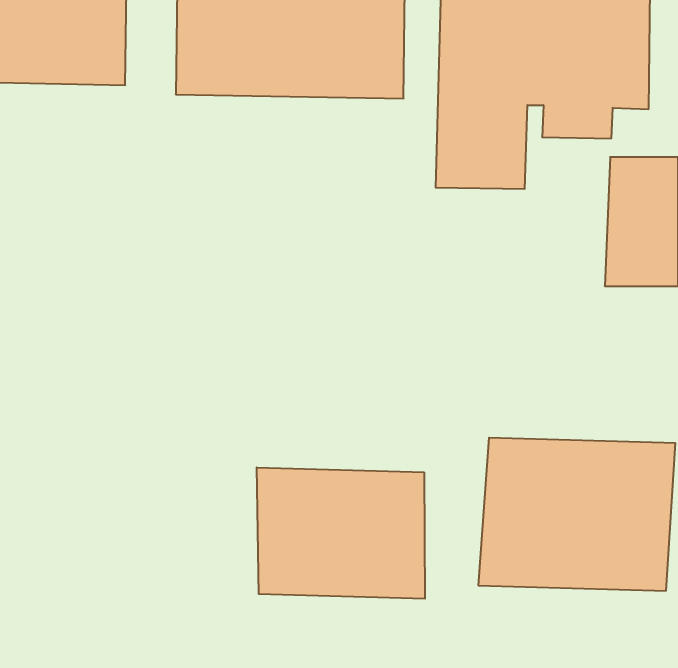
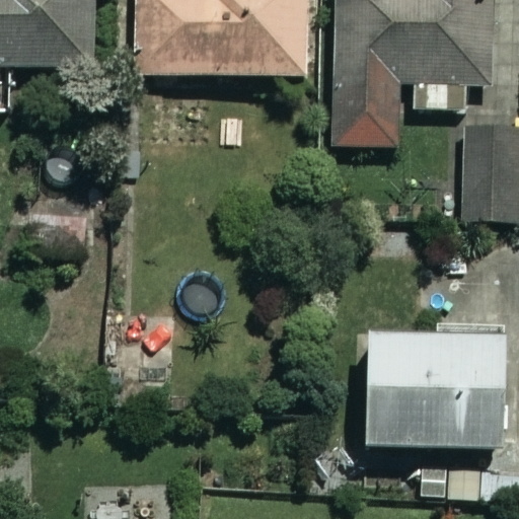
building: [257,467,425,599] -> none

